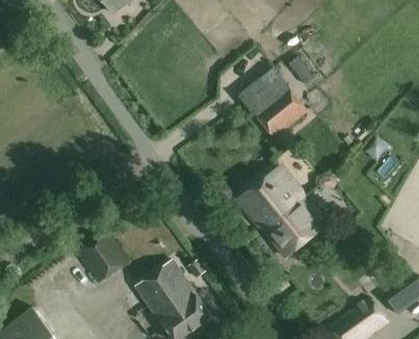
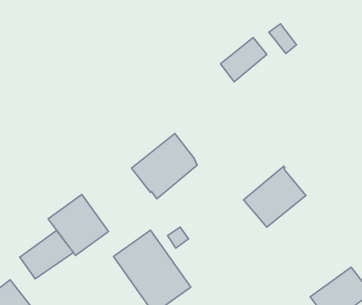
building: [254,85,306,136] -> none
building: [238,164,303,229] -> [132,133,197,199]
building: none -> [20,231,73,279]

